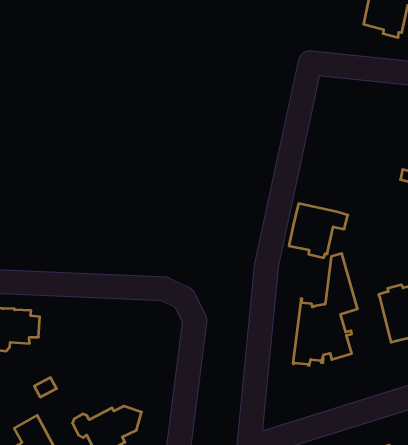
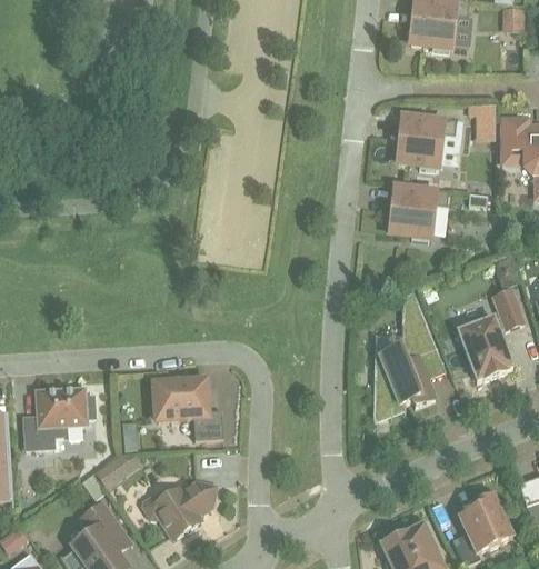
building: none -> [397,112,457,168]
building: [289,204,348,258] -> [389,183,449,239]
building: none -> [154,380,223,439]

